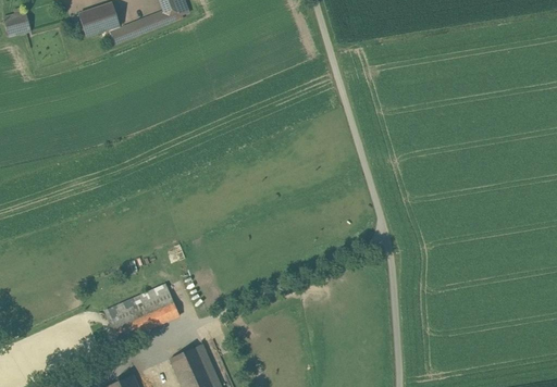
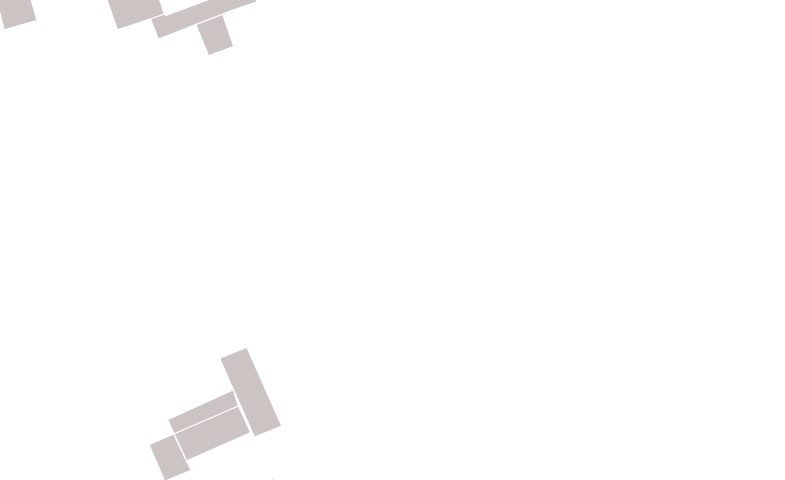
building: none -> [196,14,234,56]
building: none -> [220,347,282,437]

